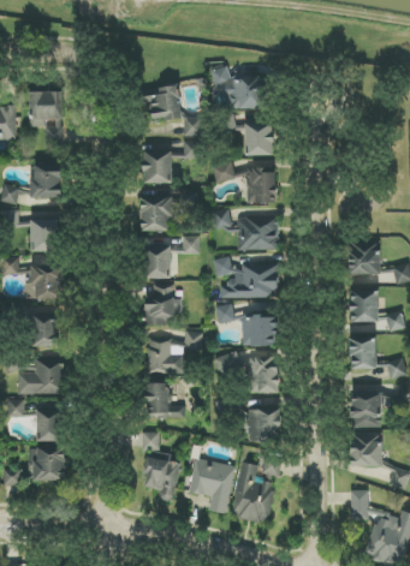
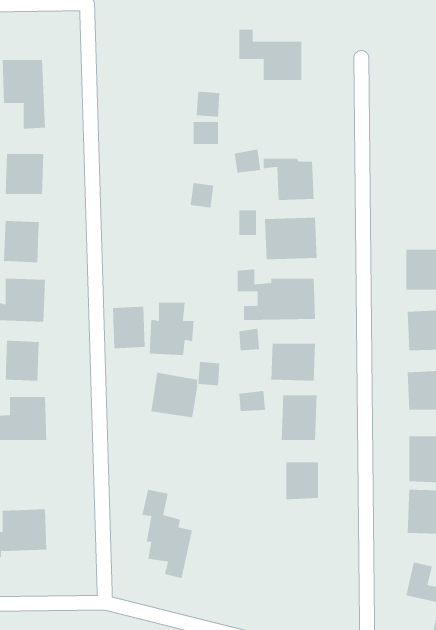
building: [147,87,180,121] -> none
building: [243,121,272,155] -> none
building: [142,151,171,184] -> none
building: [139,196,171,231] -> none
building: [144,245,171,279] -> [112,306,146,349]
building: [144,382,183,417] -> none
building: [35,410,63,441] -> none
building: [232,452,281,523] -> none
building: [188,459,234,514] -> none

